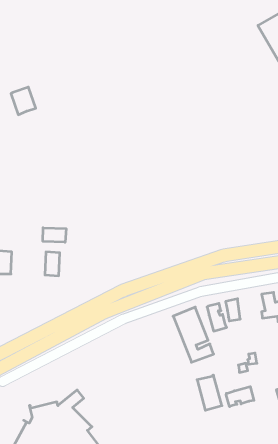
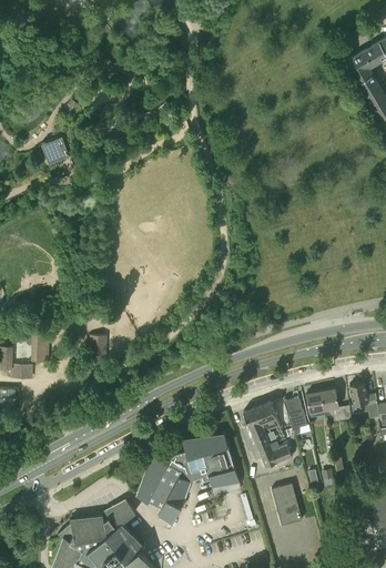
building: [43,228,66,242] -> none
building: none -> [319,388,351,422]
building: none -> [135,433,238,525]
building: [226,387,254,407] -> none

